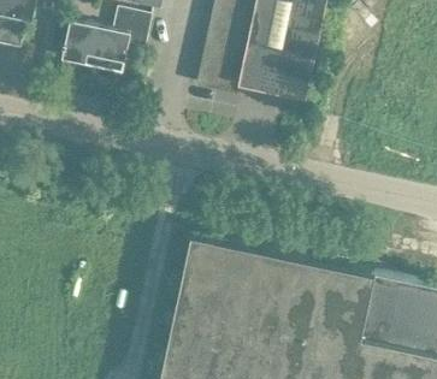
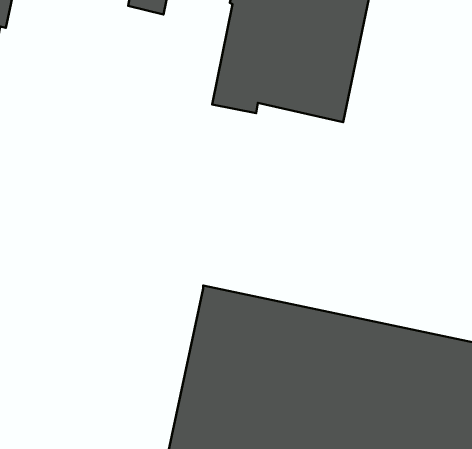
building: [60,13,149,75] -> none

